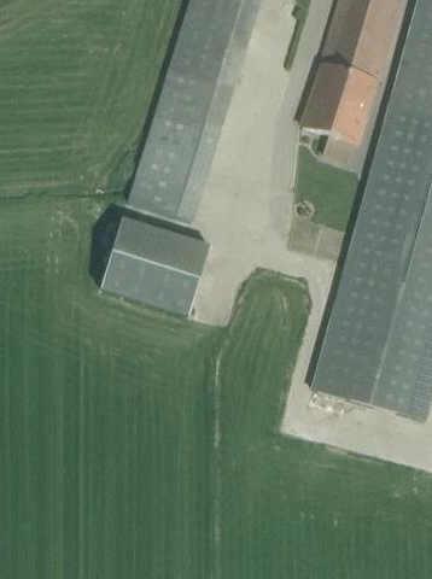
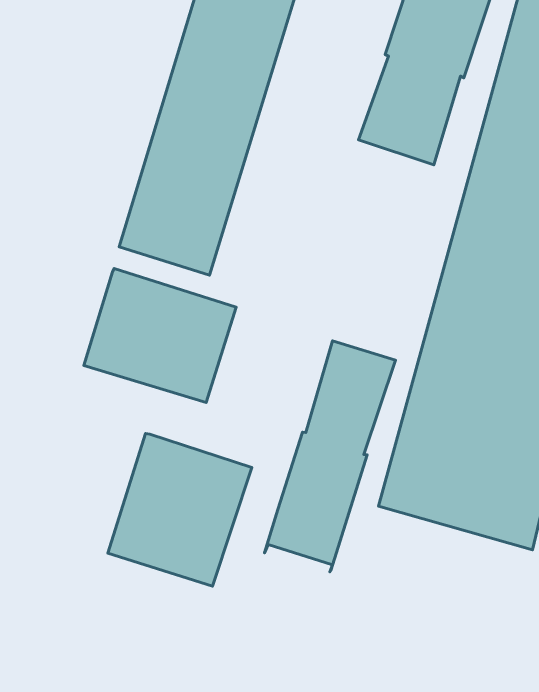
building: none -> [264,341,396,572]
building: none -> [108,434,252,586]

